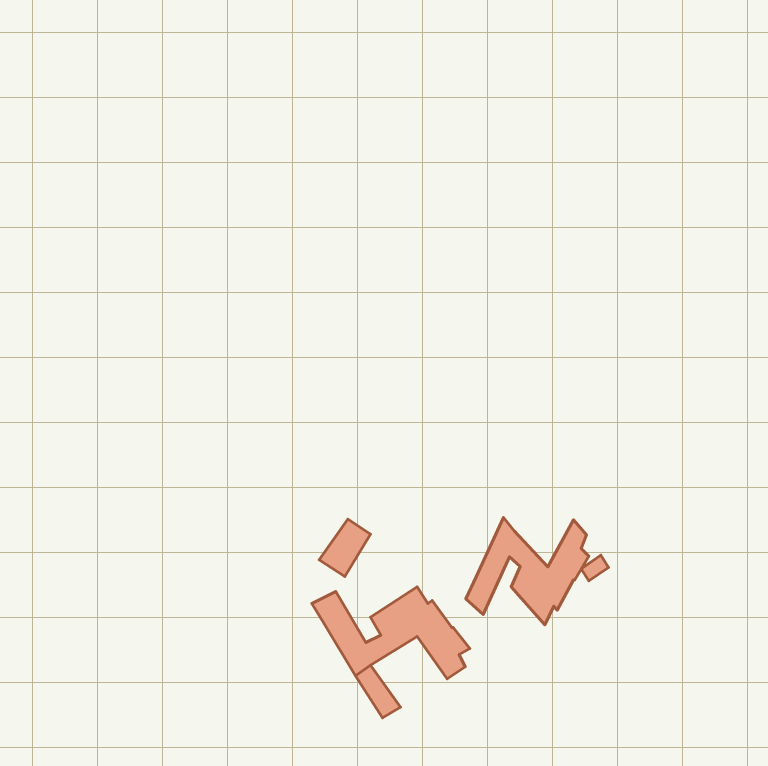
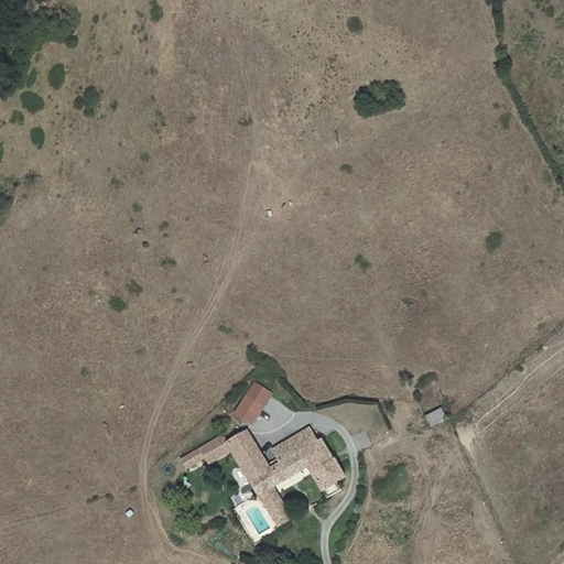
building: [466,517,589,625] -> none
building: none -> [182,433,228,465]

